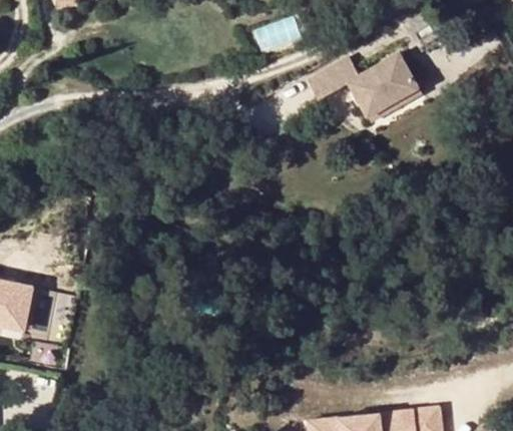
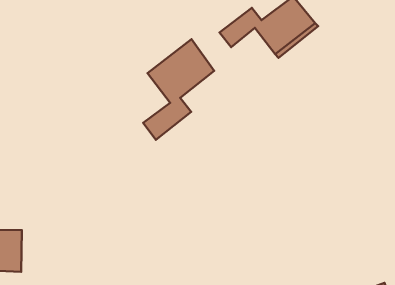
building: none -> [143,39,214,140]

